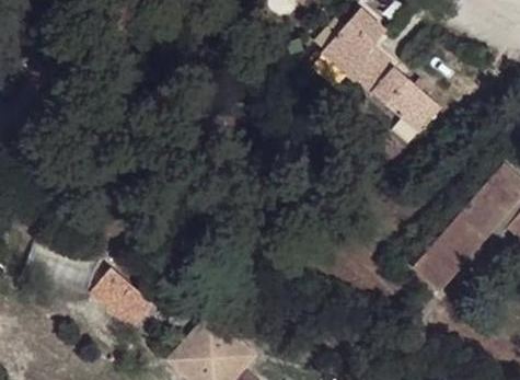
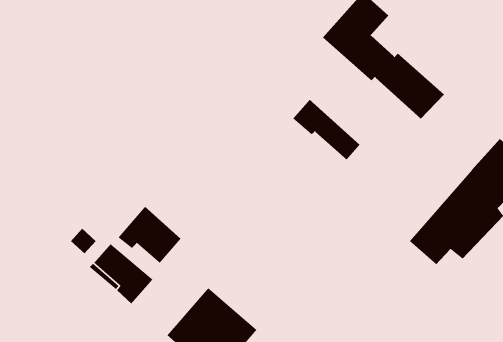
building: none -> [292,99,361,161]
building: none -> [117,206,181,264]

